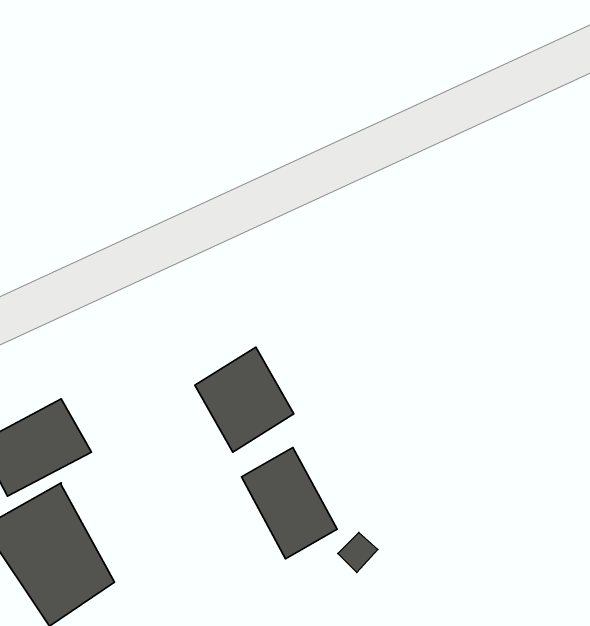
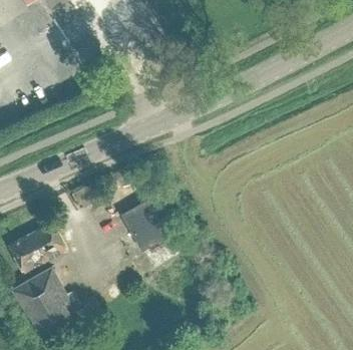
building: [241,447,337,559] -> none

